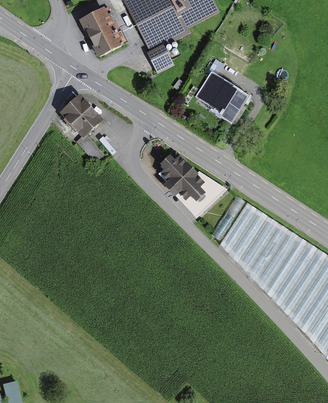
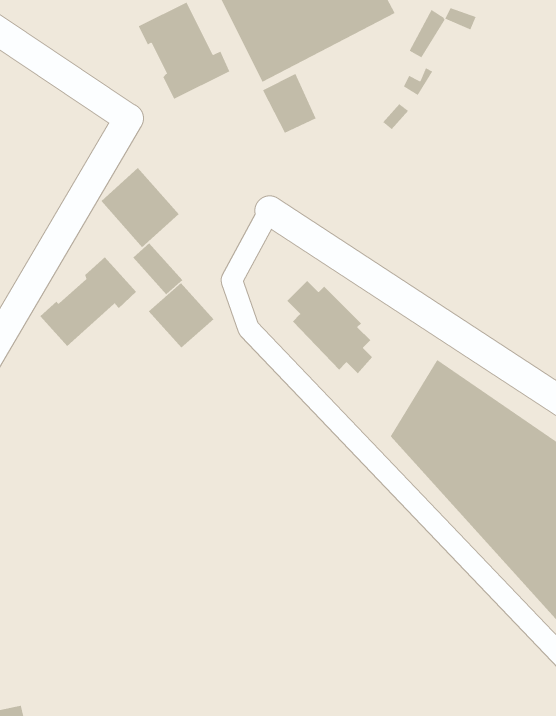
building: [197,76,243,122] -> none
building: none -> [40,256,137,347]
building: none -> [148,282,214,349]

